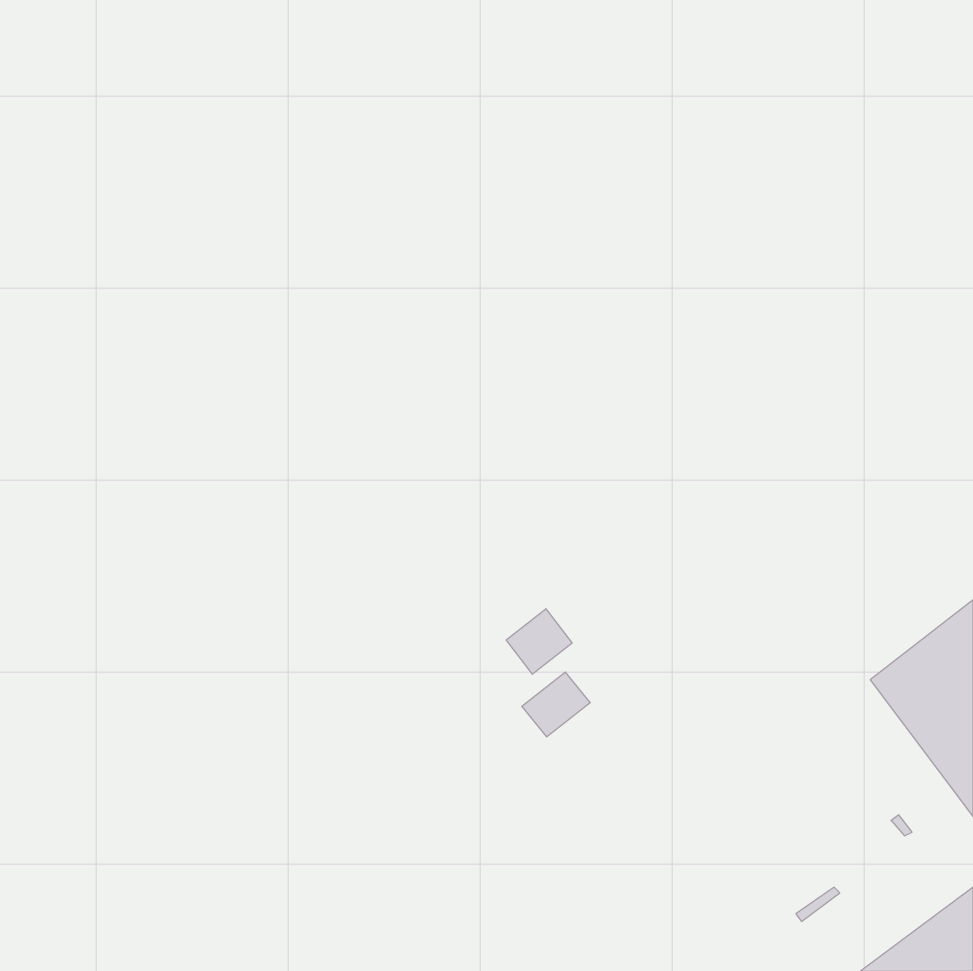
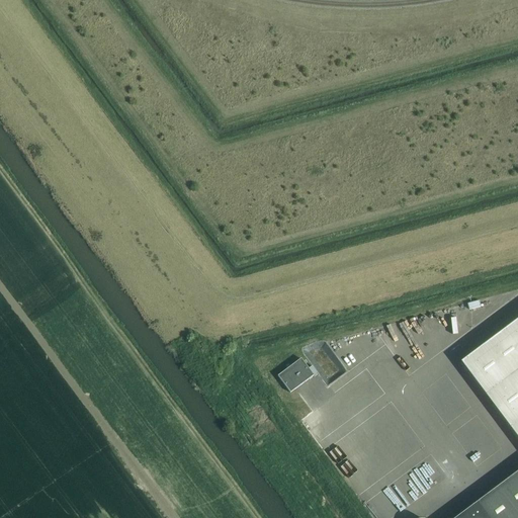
building: [506,609,572,674] -> none

